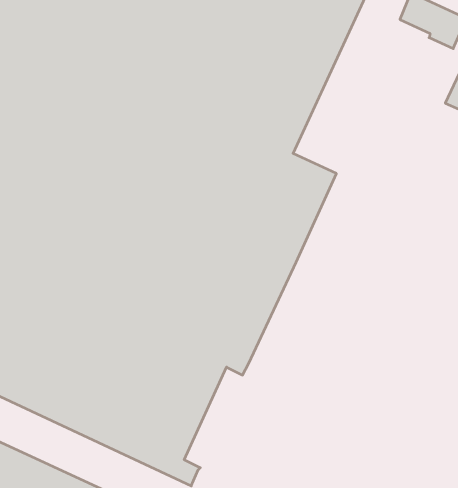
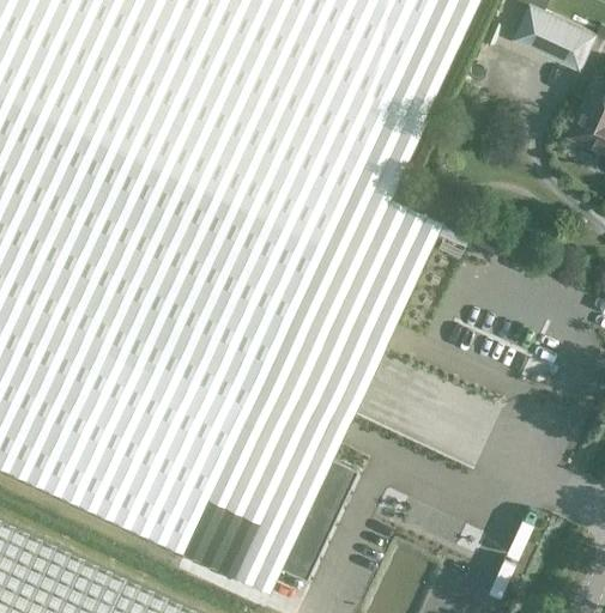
building: none -> [259,449,356,581]

